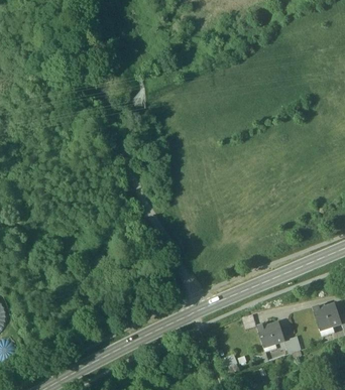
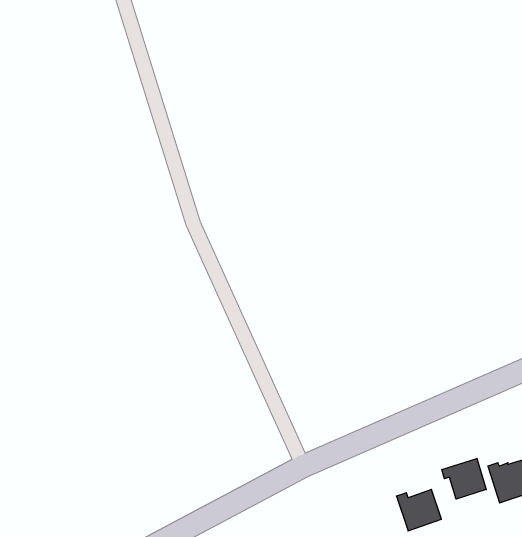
building: none -> [442,458,486,499]

